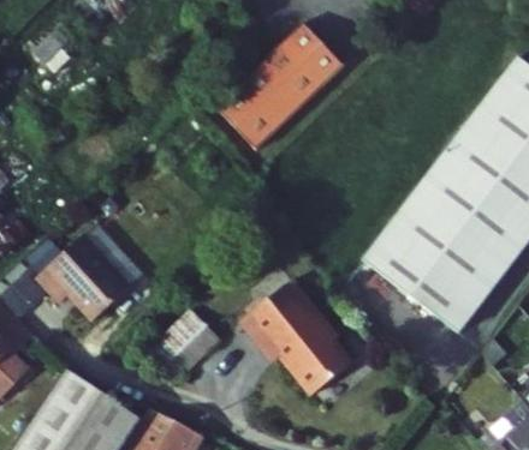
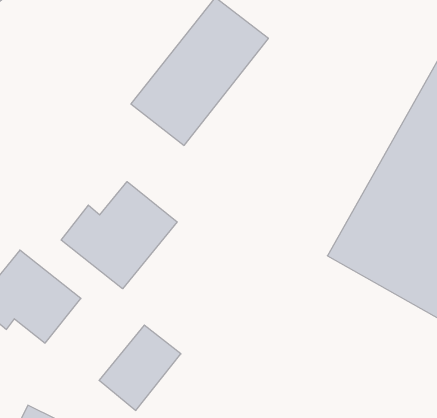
building: none -> [61,182,177,289]
building: [228,283,343,398] -> none

